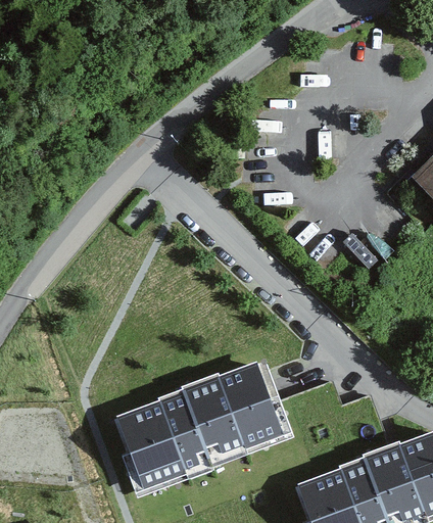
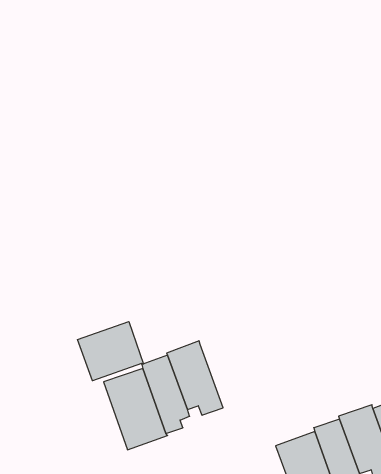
building: none -> [78,322,144,381]
building: [219,365,282,450] -> none

